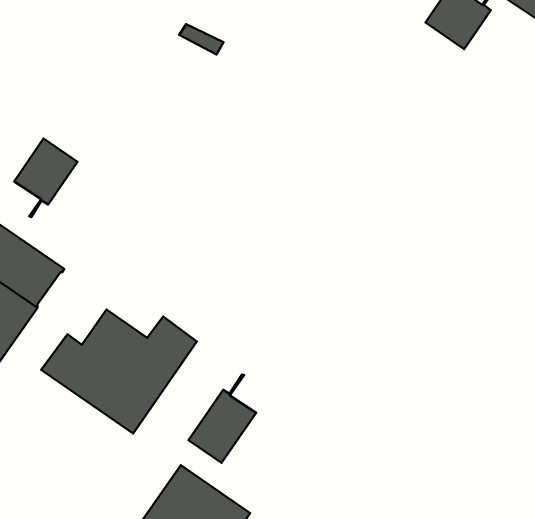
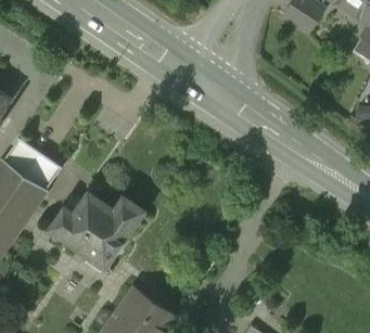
building: [14,139,77,217] -> none
building: [188,374,256,463] -> none

